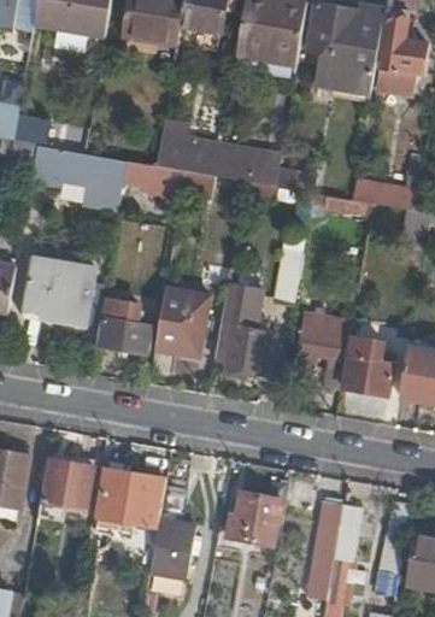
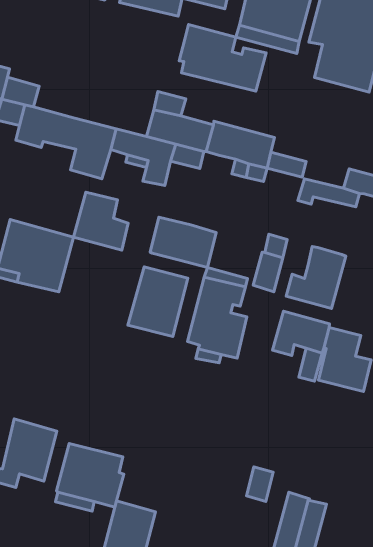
building: none -> [179,25,266,91]
building: none -> [150,217,216,267]
building: none -> [286,246,346,309]
building: [98,299,149,352] -> [73,192,128,250]
building: [225,490,281,542] -> none

